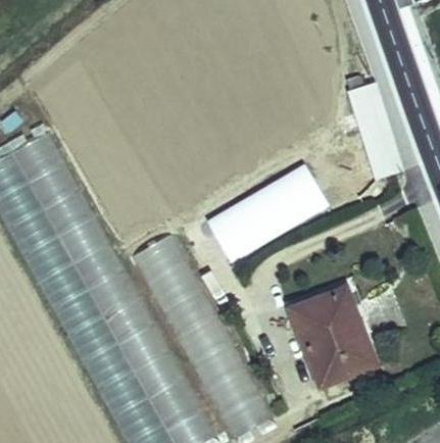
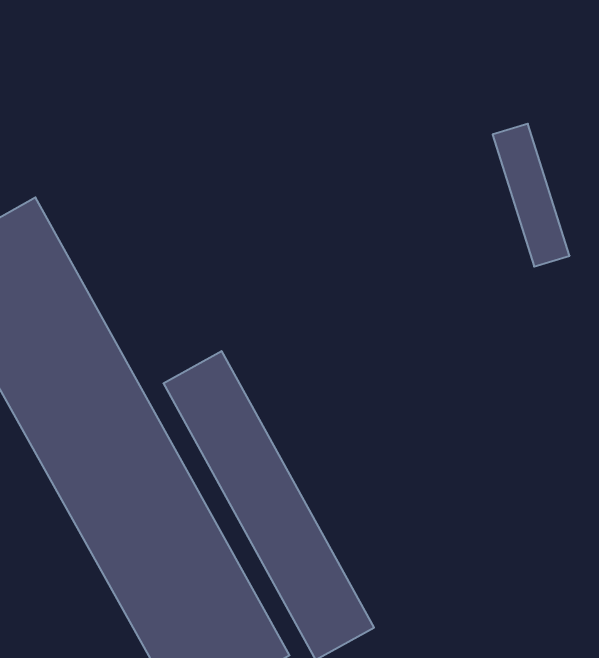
building: [206,163,329,262] -> none
building: [292,289,375,385] -> none

